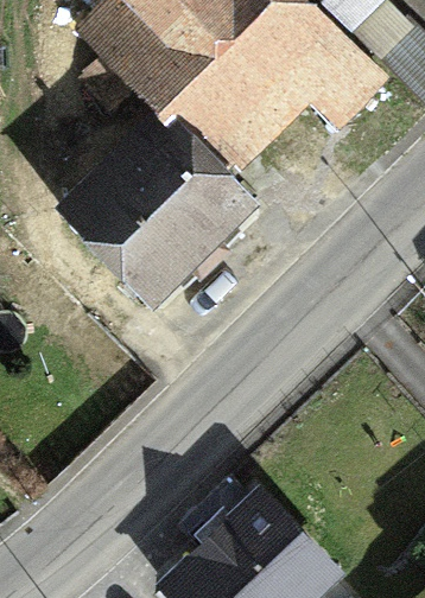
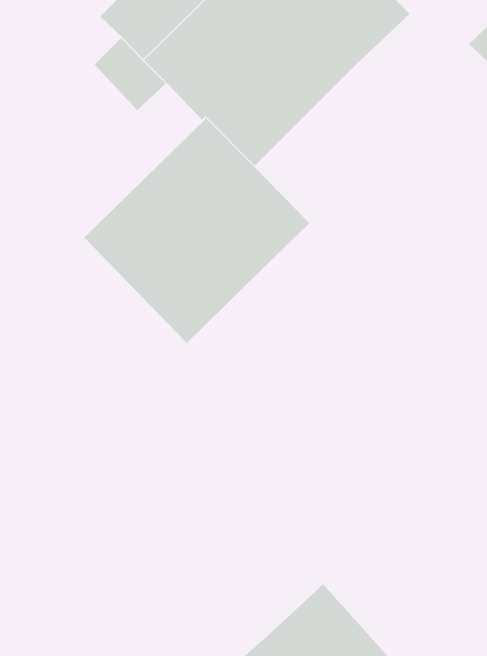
building: [294,28,391,123] -> none

